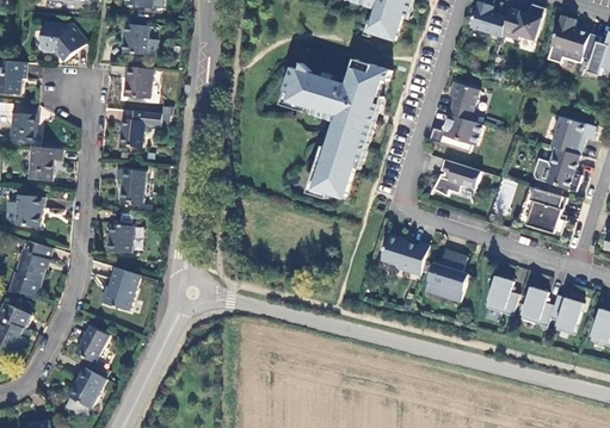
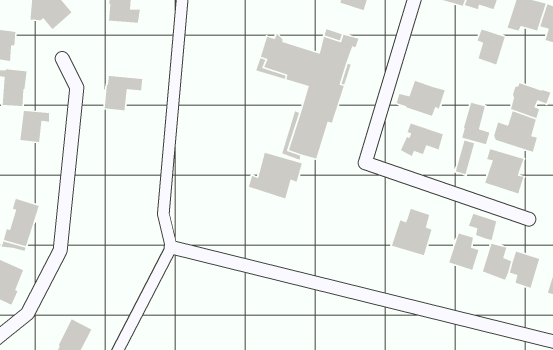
building: [123,66,150,98] -> none
building: [448,81,479,120] -> [477,28,506,66]
building: none -> [461,102,490,145]
building: [116,168,143,201] -> none
building: none -> [248,152,303,199]
building: [14,194,43,225] -> none
building: [105,211,134,252] -> none
building: [381,234,429,274] -> none
building: none -> [468,213,497,241]
building: [104,266,138,309] -> none
building: [75,324,109,361] -> none

